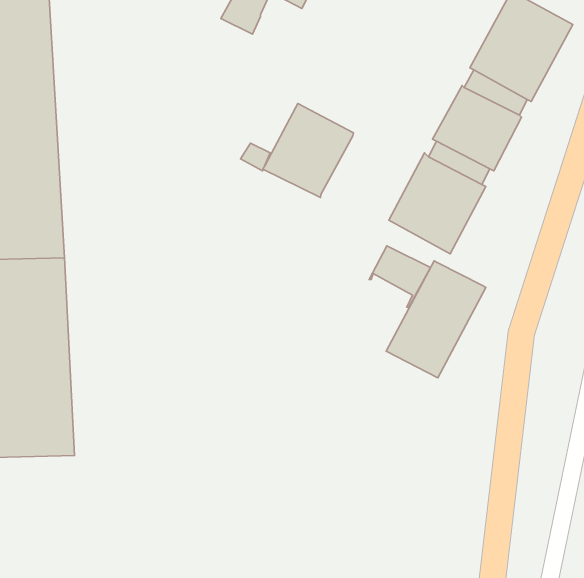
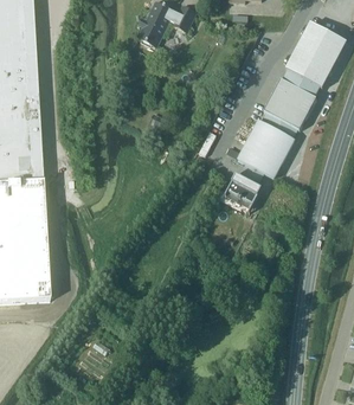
building: [263,104,354,197] -> none
building: [386,261,486,378] -> none

